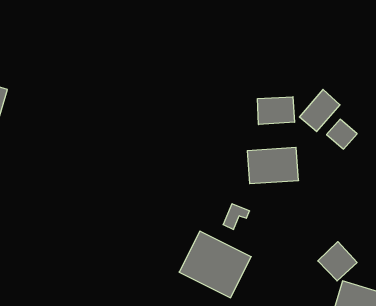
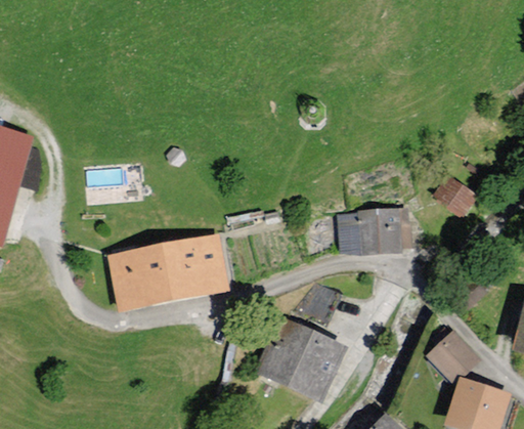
building: [299,89,340,132] -> none
building: [258,97,295,125] -> none
building: none -> [108,234,228,311]

